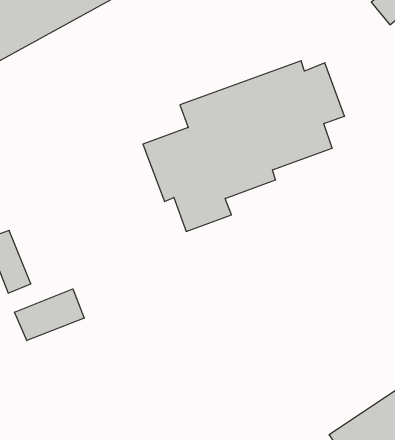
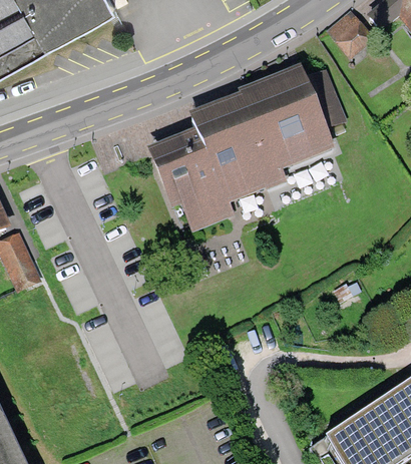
building: none -> [328,13,371,57]
building: [15,289,84,341] -> none

